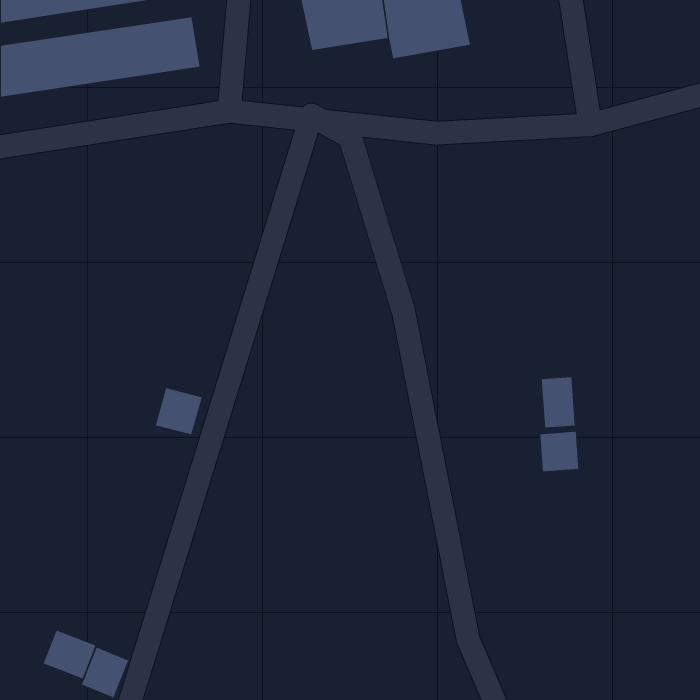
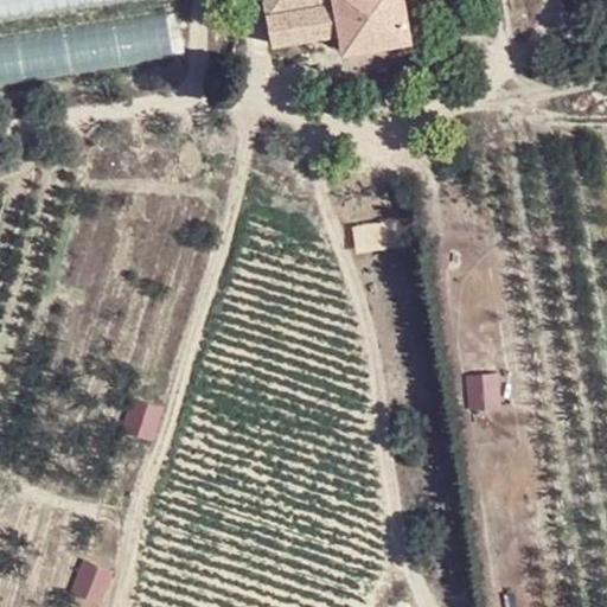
building: [541,377,576,428] -> none
building: [155,387,203,435] -> [123,398,165,440]
building: [43,629,97,680] -> none

